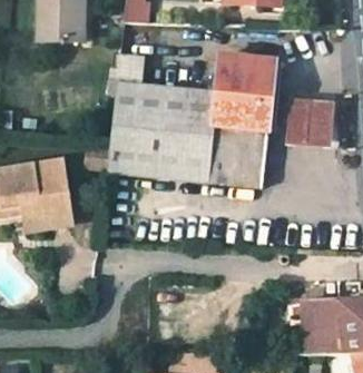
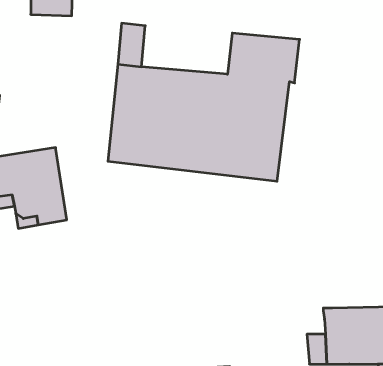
building: [287,101,332,148] -> none

